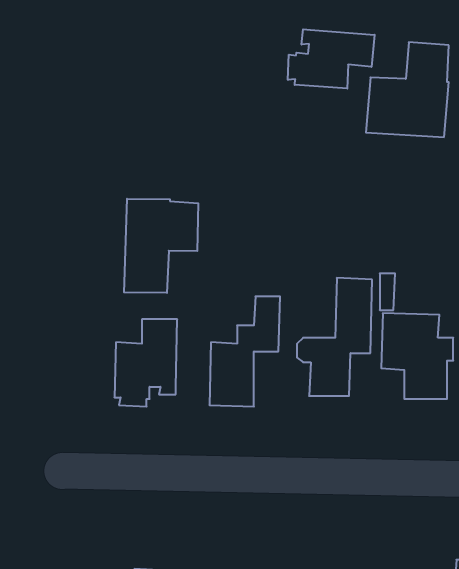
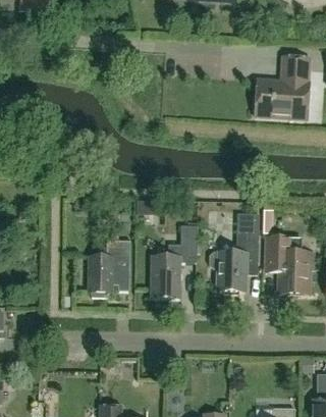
building: [288,29,375,89] -> none
building: [124,199,198,293] -> none

